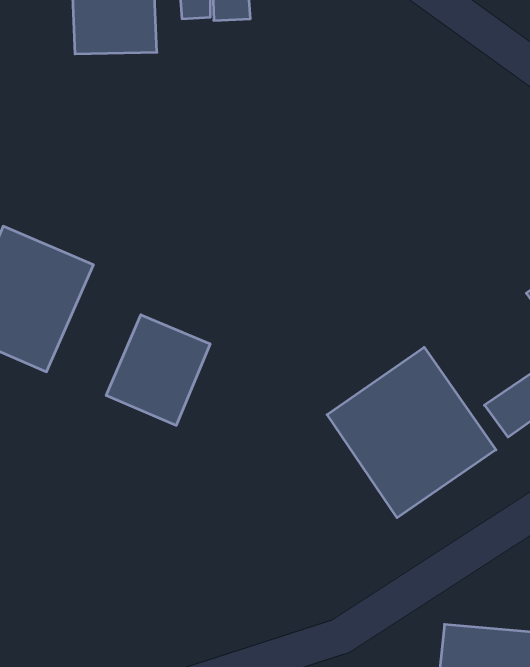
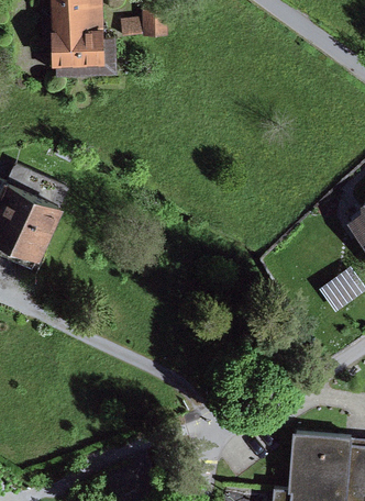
building: [106,315,210,425] -> none
building: [327,347,496,518] -> none

